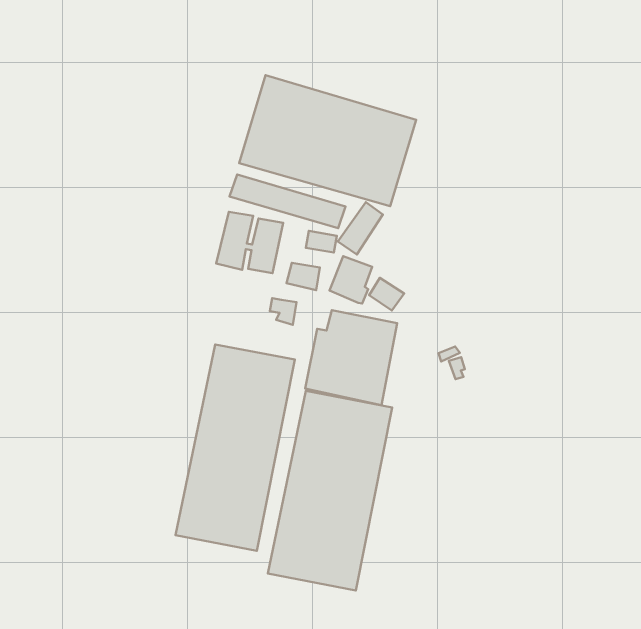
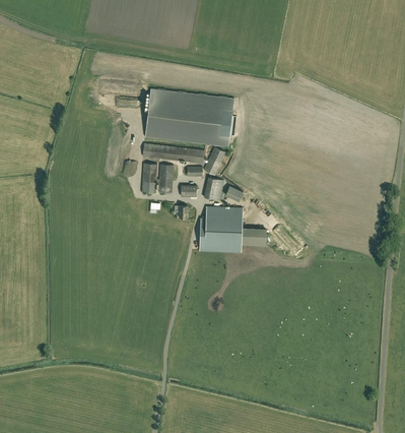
building: [176,344,295,551] -> none
building: none -> [242,228,267,245]
building: [268,391,392,591] -> none

